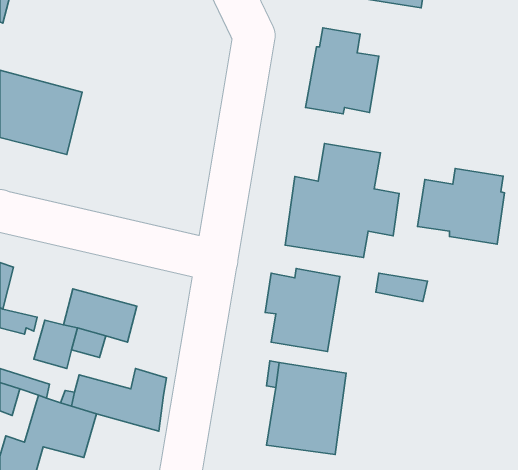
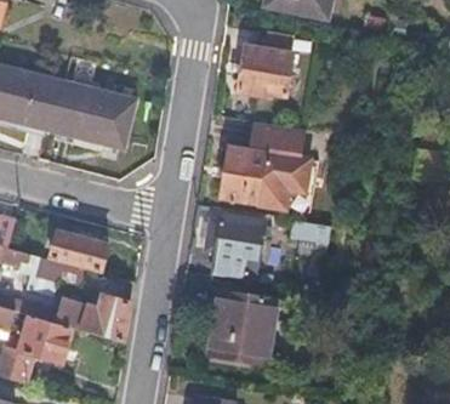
building: none -> [52,81,136,148]
building: [417,169,505,244] -> none

